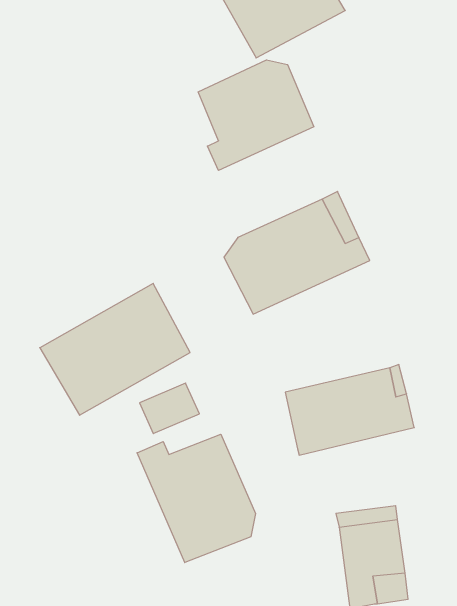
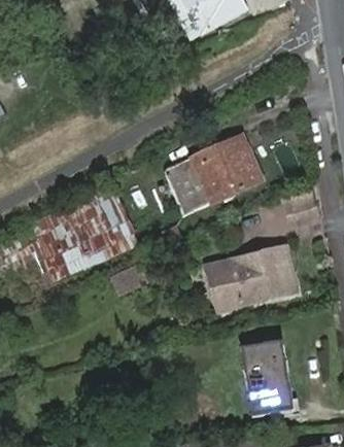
building: [198,60,314,170] -> none
building: [137,434,256,563] -> none

